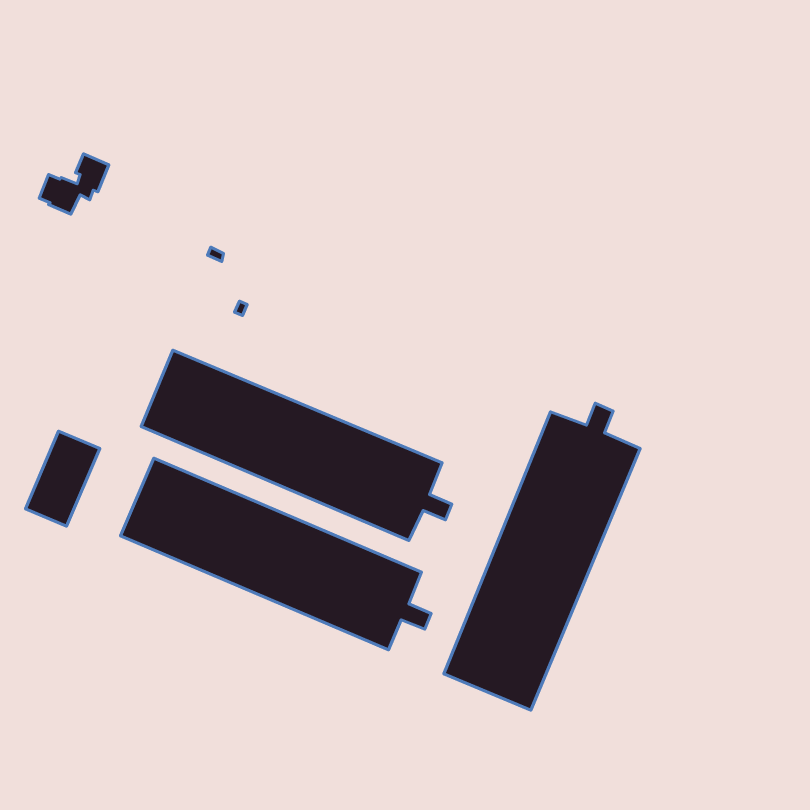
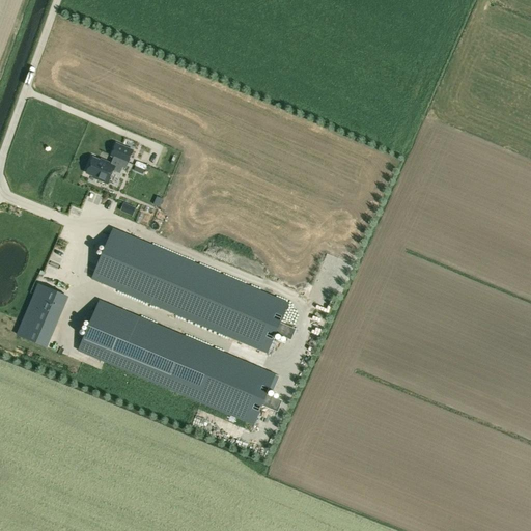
building: [39,154,109,214] -> [86,144,132,184]
building: [444,403,640,710] -> none

